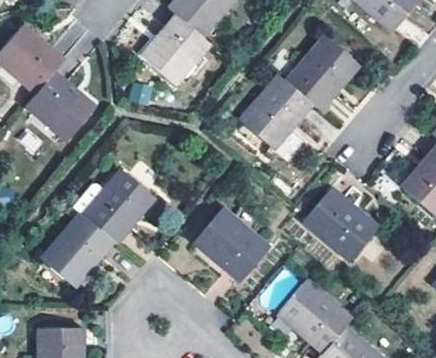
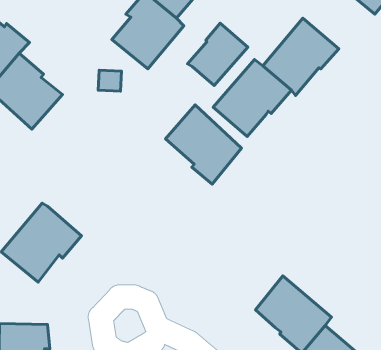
building: none -> [188,23,248,86]
building: [82,168,156,242] -> none
building: [303,188,375,261] -> none
building: [196,206,268,281] -> [166,105,242,184]

